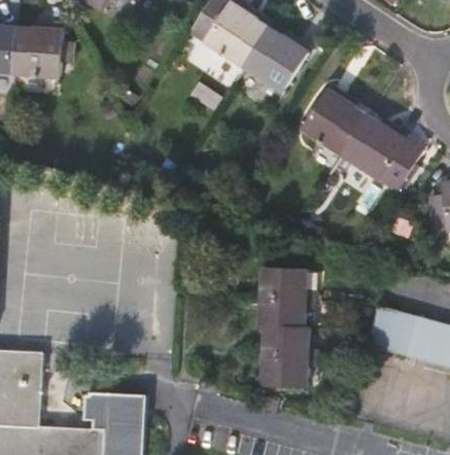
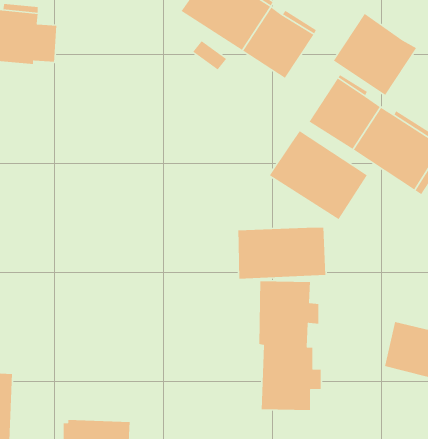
building: none -> [333,13,417,96]
building: none -> [269,130,368,220]
building: none -> [237,227,326,280]

